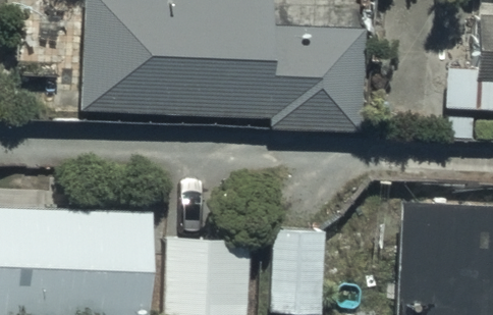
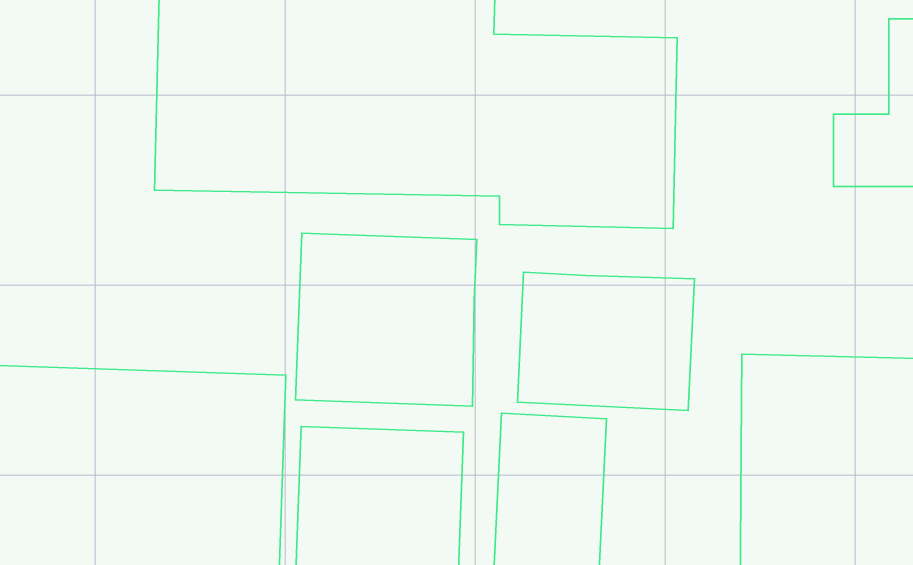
building: none -> [296,233,477,406]
building: none -> [517,272,694,411]

